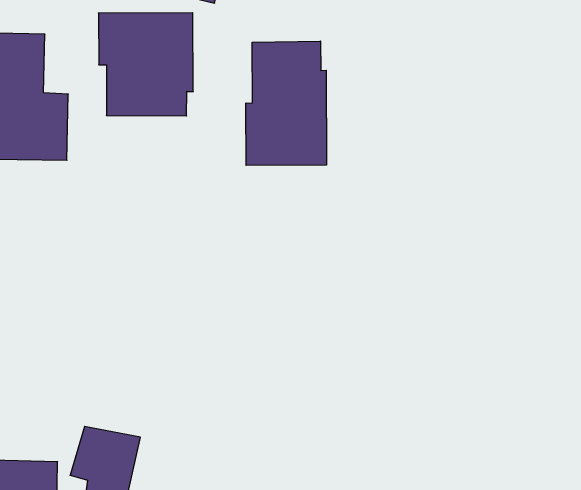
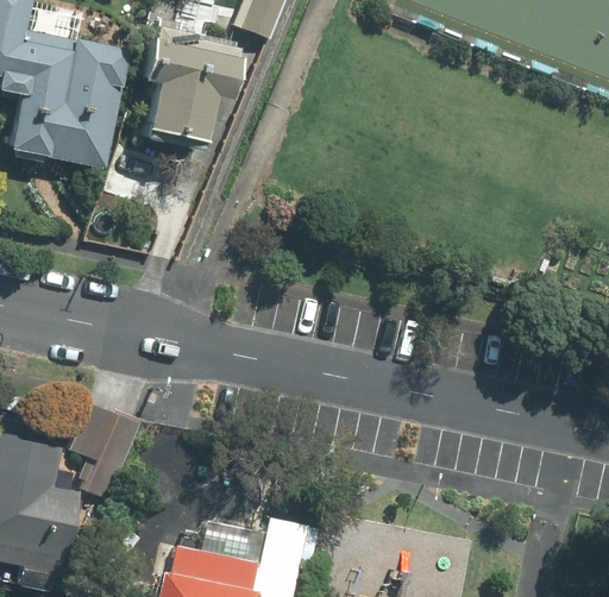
building: [246,41,326,165] -> none

